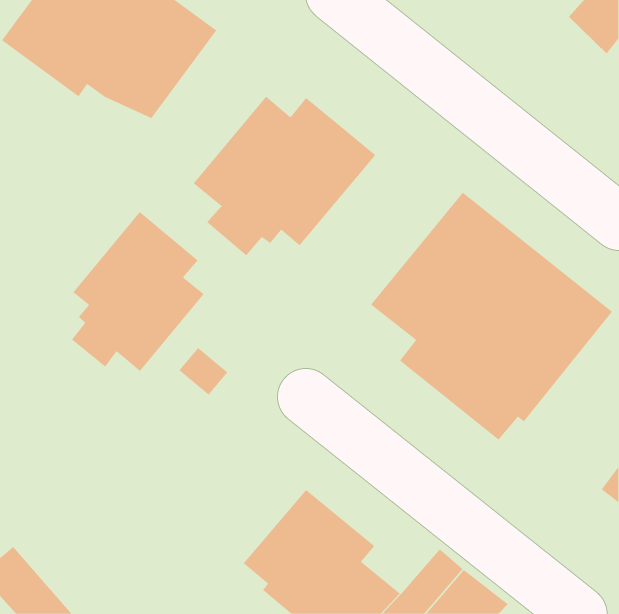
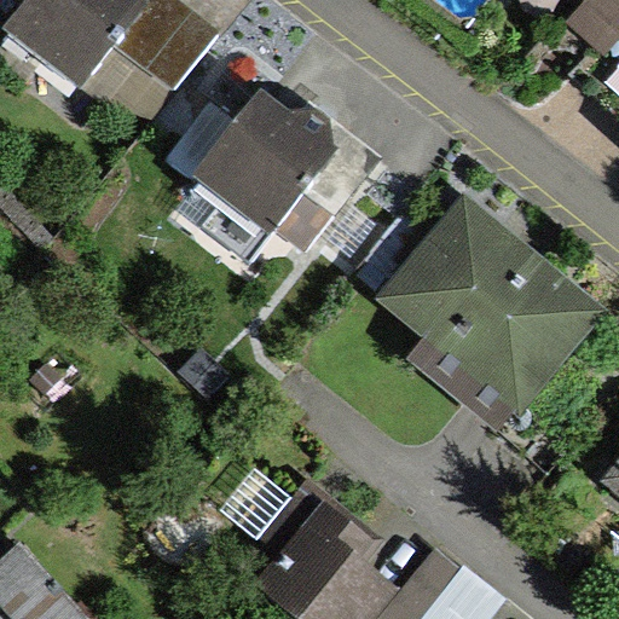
building: [71,211,205,372] -> none

